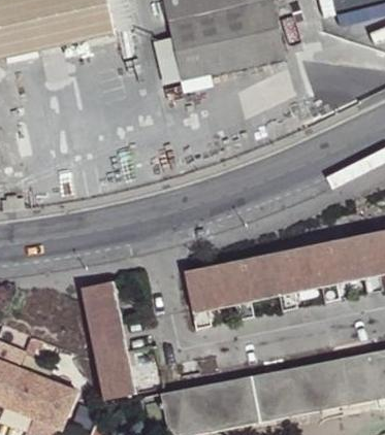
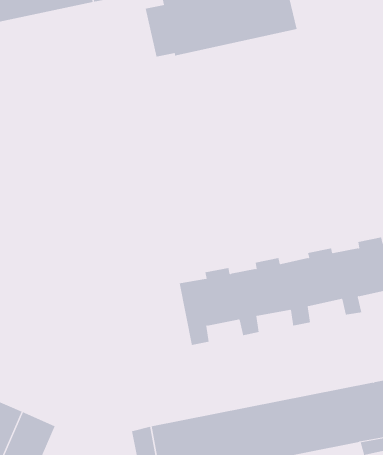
building: [79,281,132,399] -> none

